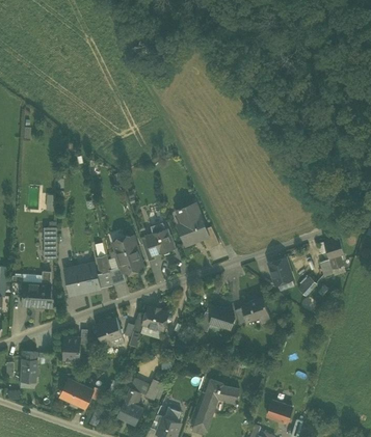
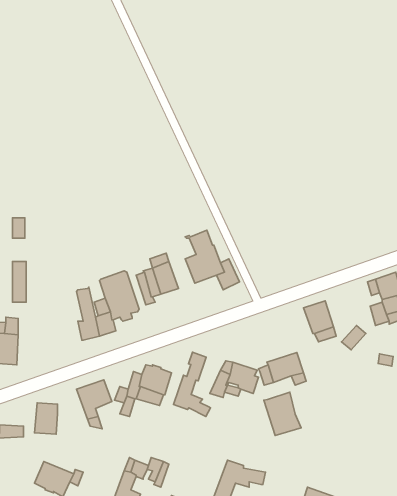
building: [64,262,99,294] -> none
building: none -> [174,352,210,417]
building: none -> [264,392,301,436]

